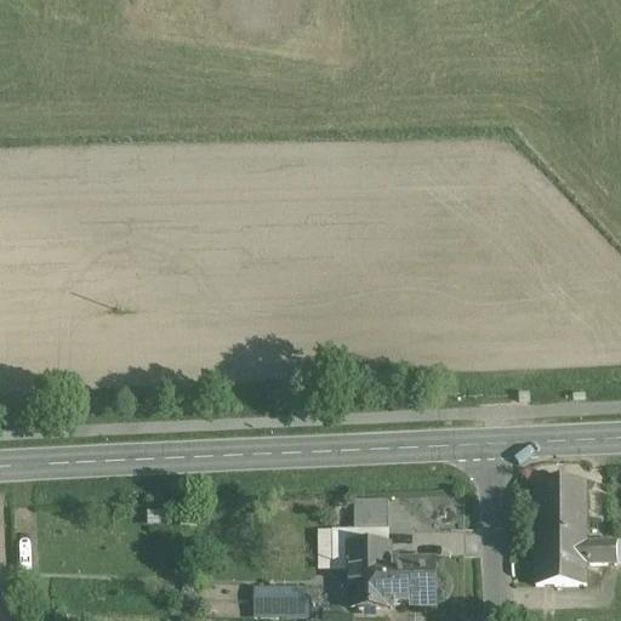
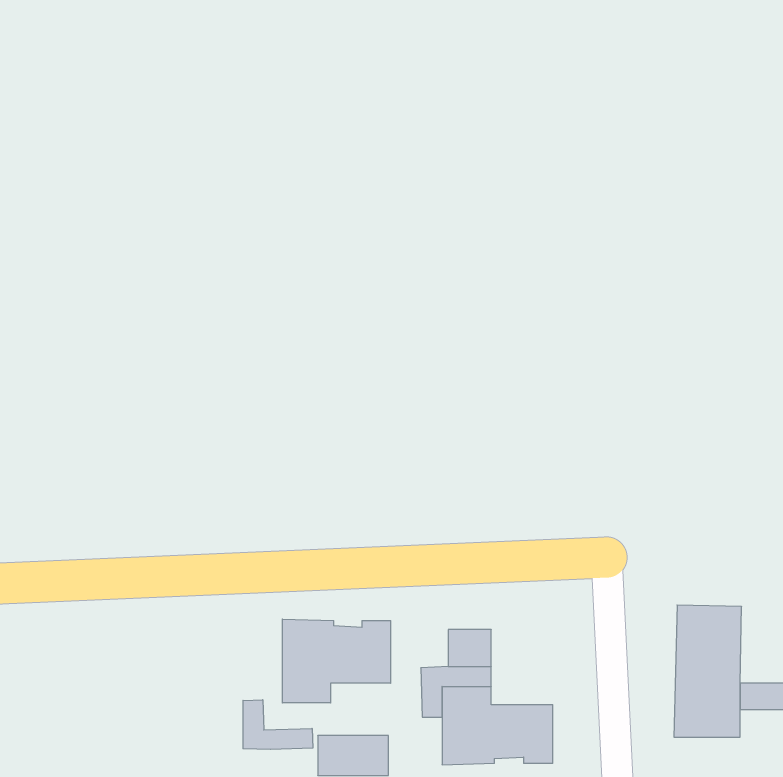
building: none -> [282,619,391,703]
building: none -> [243,700,313,749]

